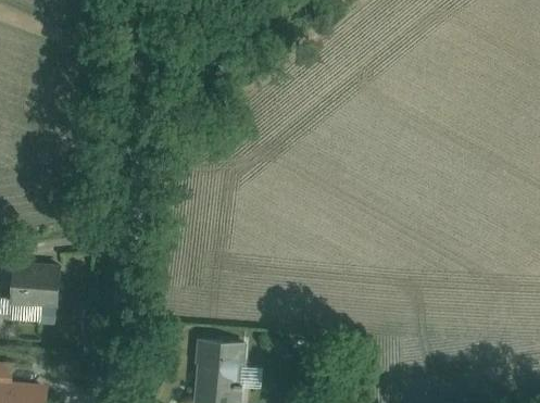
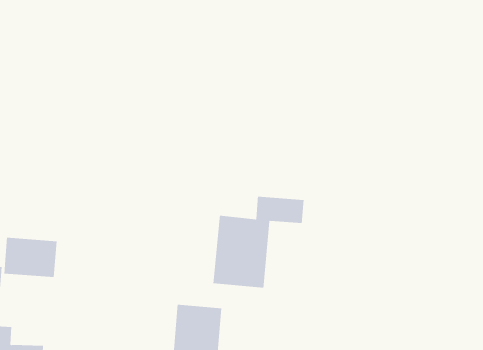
building: none -> [213,196,304,288]

